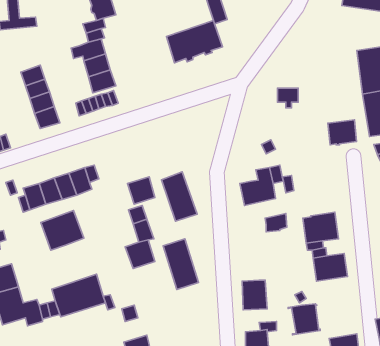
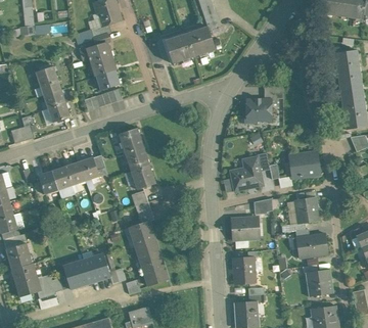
building: none -> [244,98,272,123]
building: [328,120,357,145] -> [292,153,318,176]
building: [162,172,197,221] -> [119,127,150,171]
building: [41,210,84,250] -> none
building: none -> [233,217,259,239]
building: [163,239,199,289] -> [136,240,168,285]
building: [288,304,320,335] -> [305,269,333,296]

